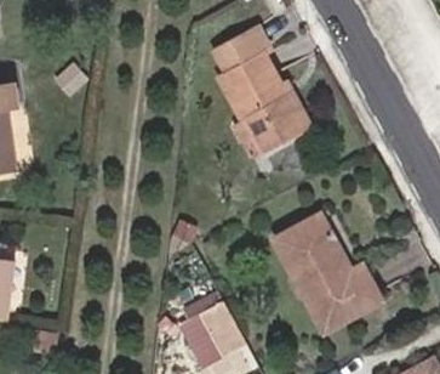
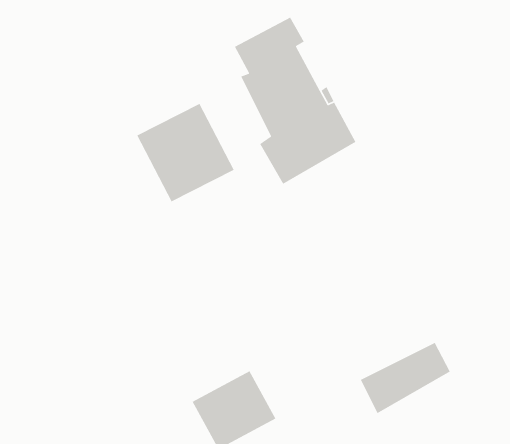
building: none -> [136,103,235,203]
building: [278,217,370,310] -> none

